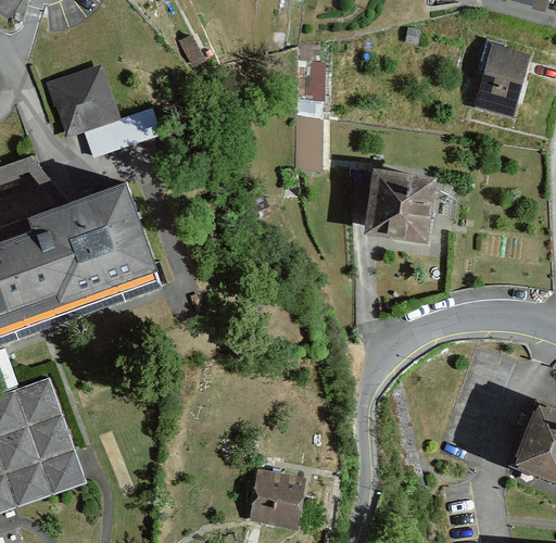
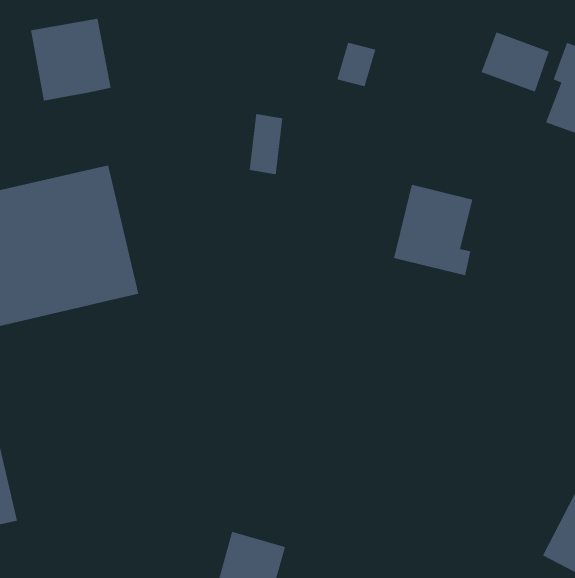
building: none -> [481,32,550,93]
building: [104,110,160,149] -> none
building: [296,119,319,167] -> [249,114,283,175]

